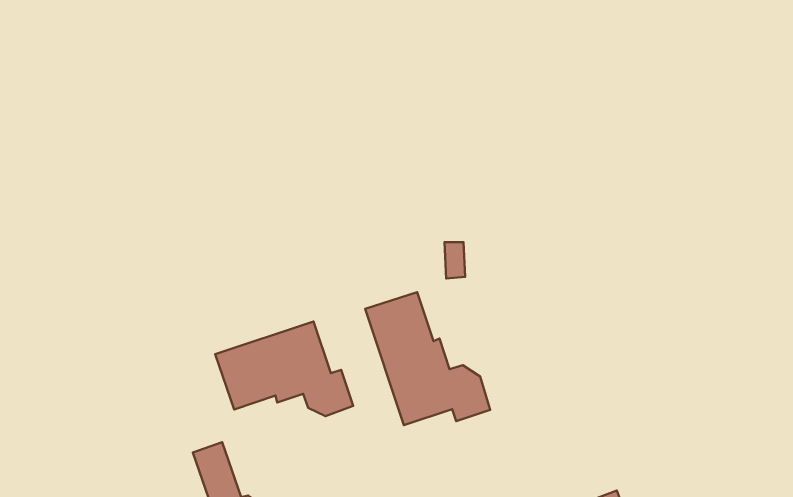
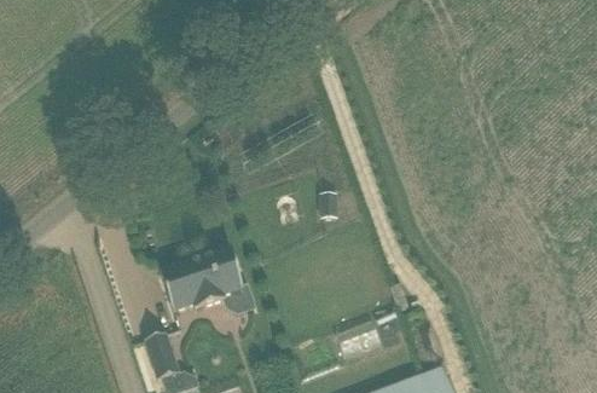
building: [365,292,490,425] -> none

